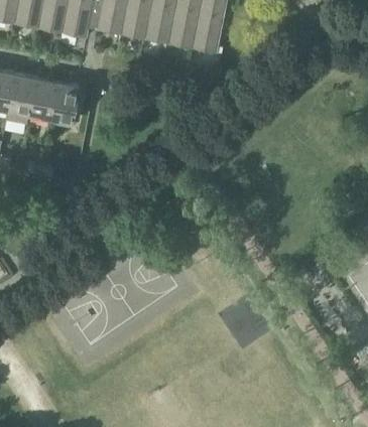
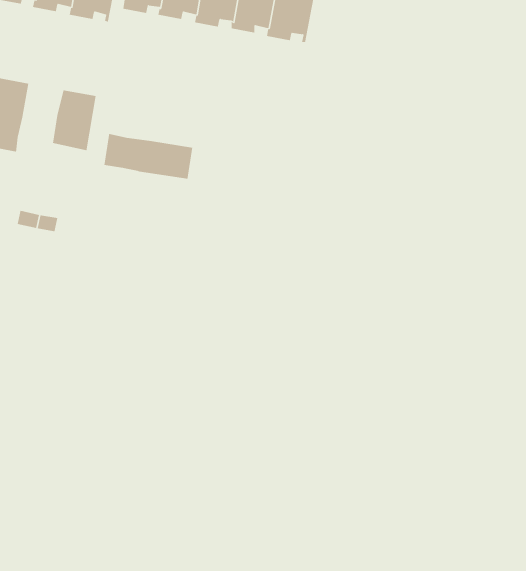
building: [28,79,57,118] -> none
building: none -> [104,133,193,180]

